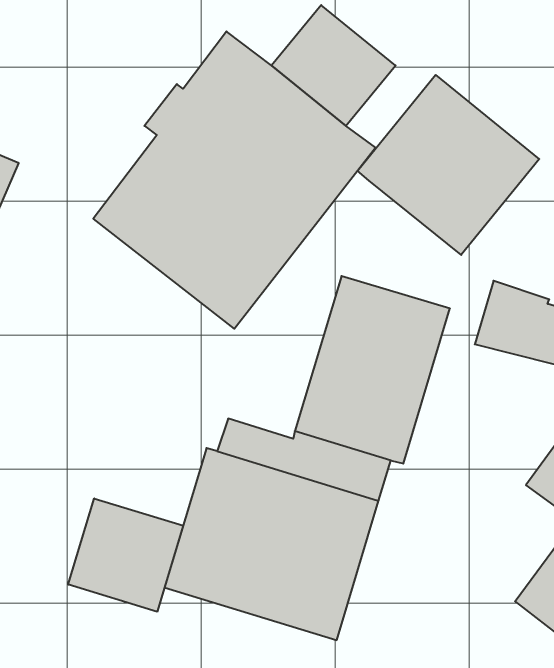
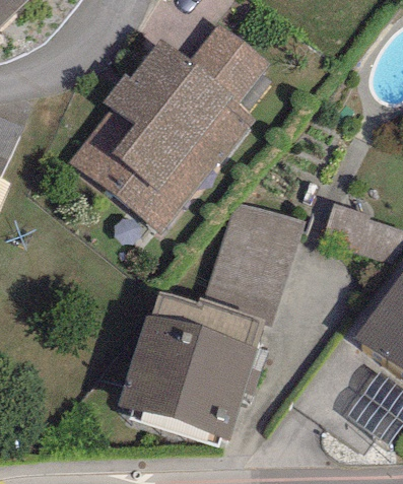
building: [357,75,539,255] -> none
building: [68,498,183,612] -> none

